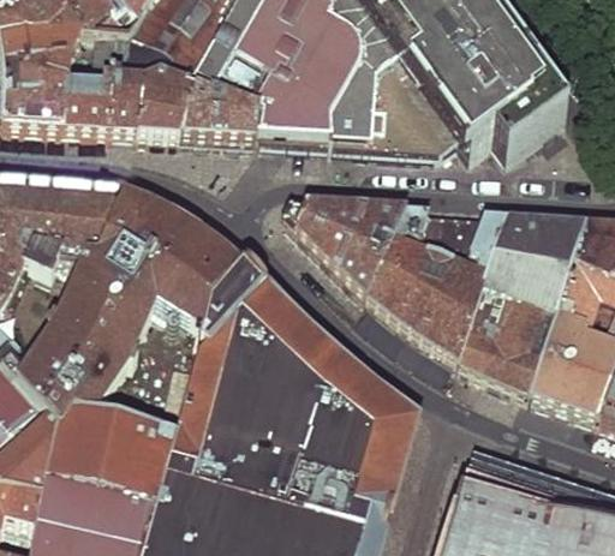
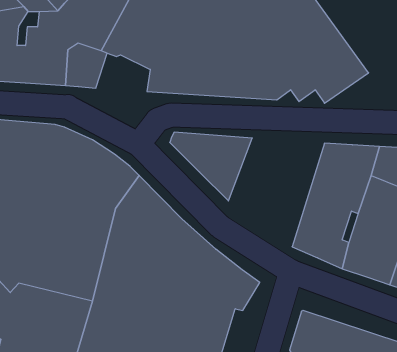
building: [187,91,264,145] -> none
building: [375,211,510,365] -> none

